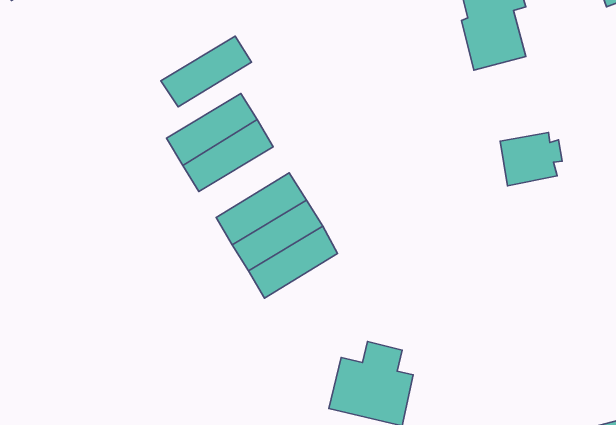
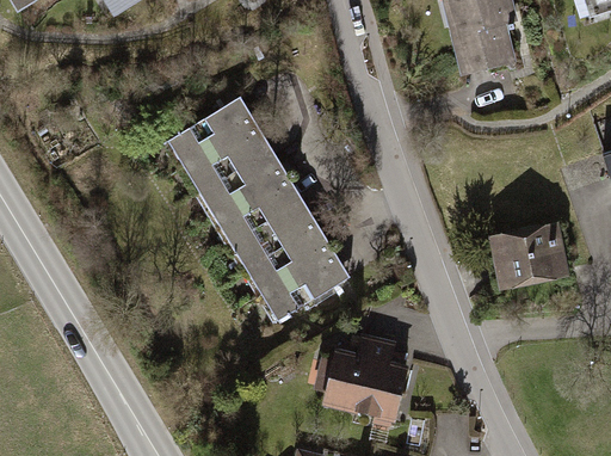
building: [161,36,251,107] -> [198,149,285,217]
building: [500,133,562,186] -> [501,229,561,281]
building: none -> [261,252,348,320]

